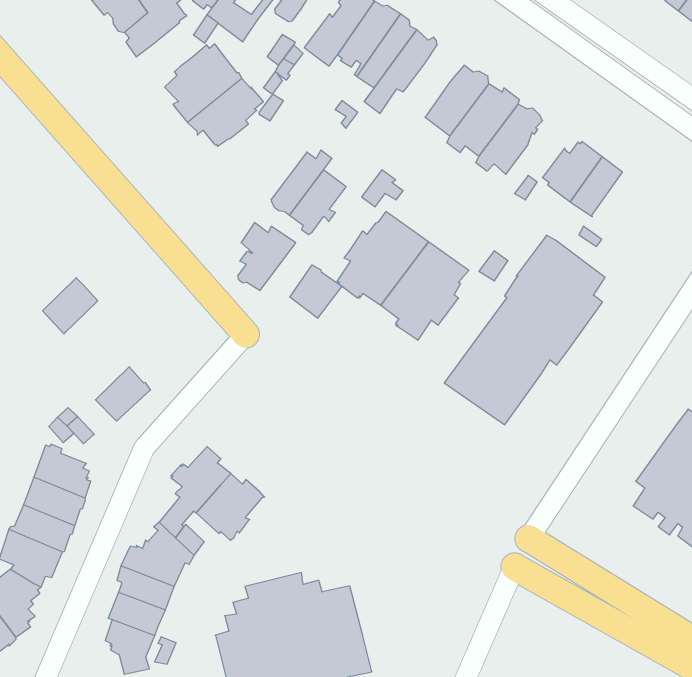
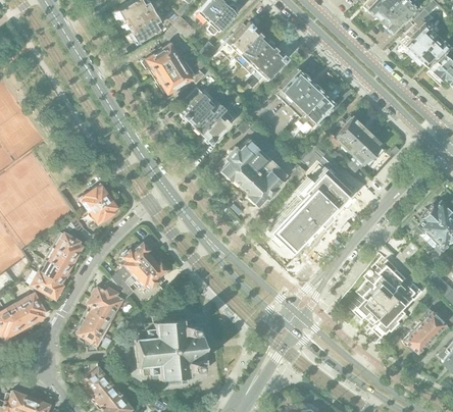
building: none -> [354,135,384,163]
building: [238,223,296,290] -> [183,89,214,123]
building: [290,265,342,318] -> none
building: [43,278,98,334] -> [81,185,109,212]

